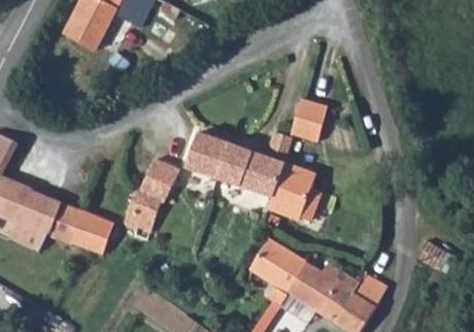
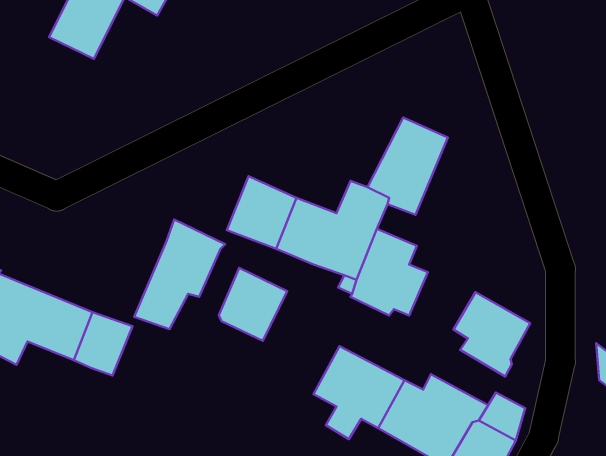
building: none -> [219,268,287,341]
building: none -> [454,292,530,377]

